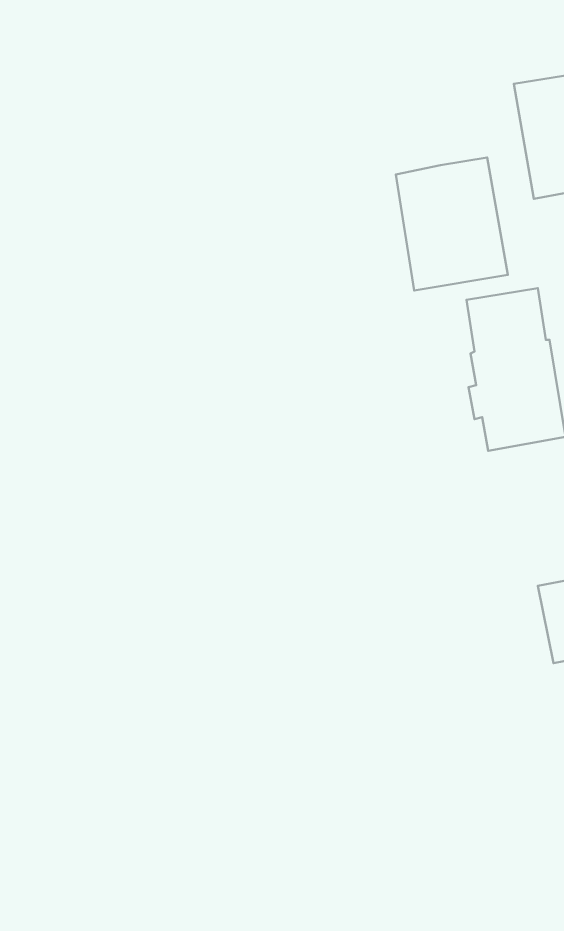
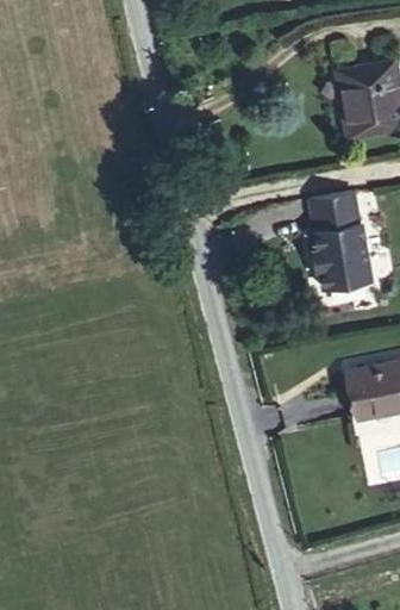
building: [396,157,508,290] -> none

